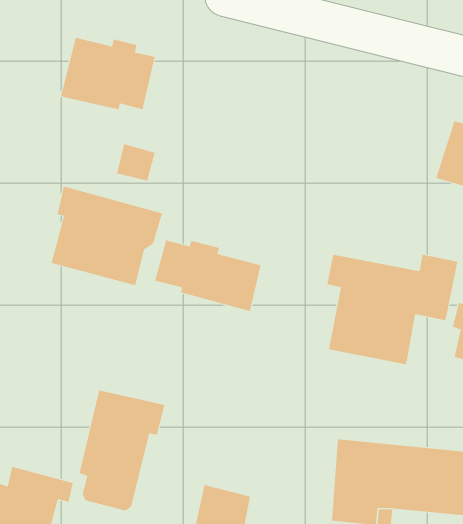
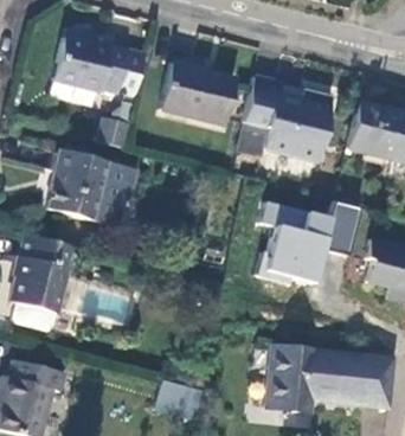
building: none -> [161,60,233,121]
building: none -> [236,72,330,158]
building: [154,240,261,312] -> none
building: [79,390,165,511] -> [13,237,81,332]

